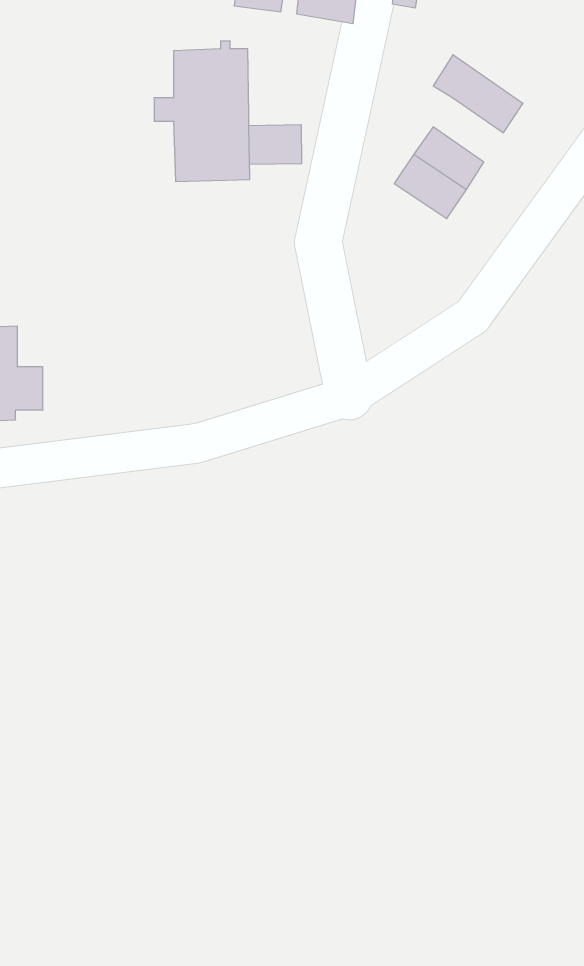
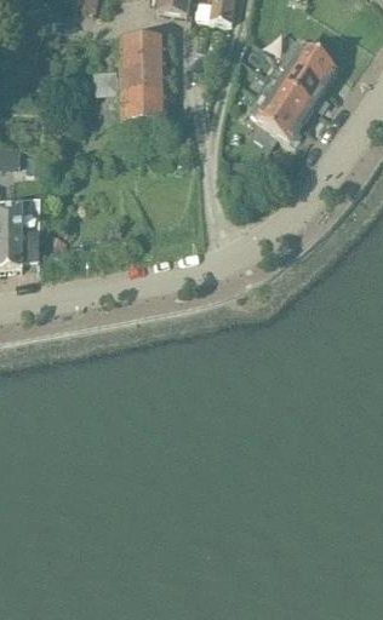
building: none -> [280,62,324,102]
building: [249,125,302,165] -> none

